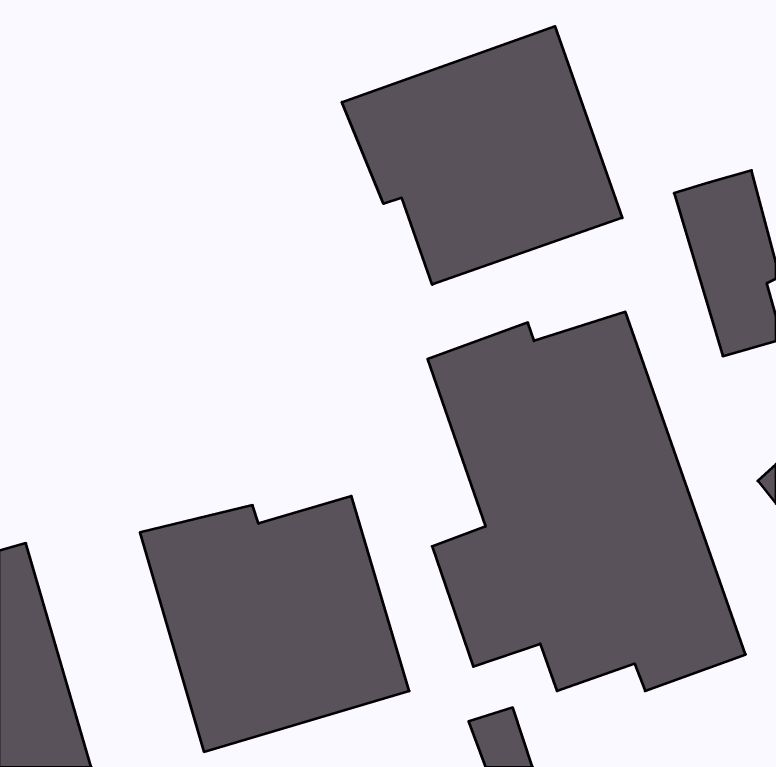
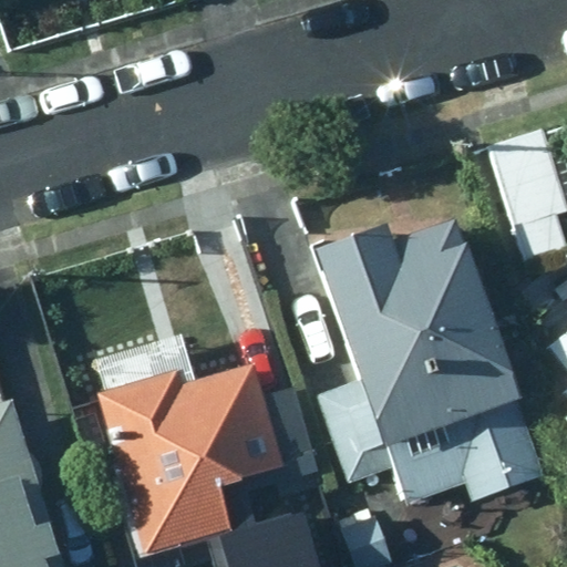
building: [342,26,622,285] -> none

